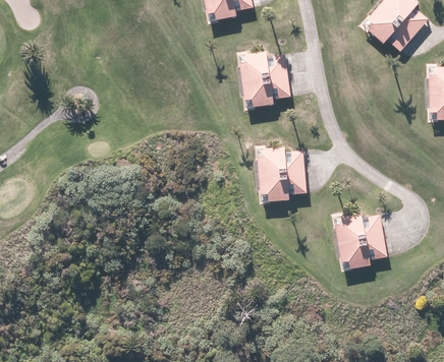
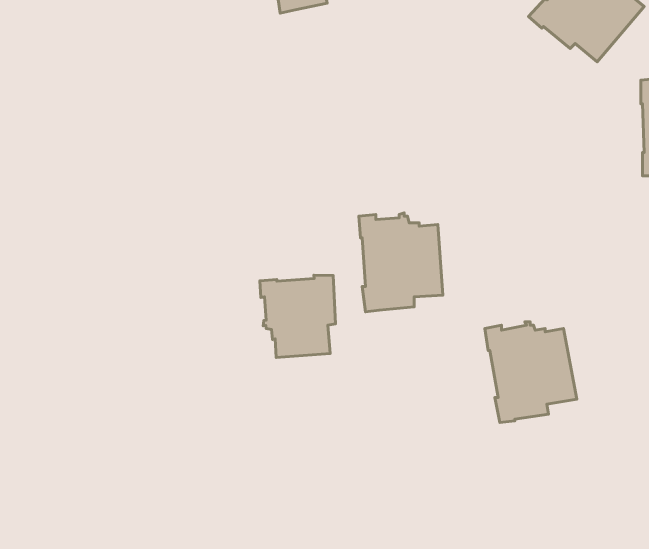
building: [236,49,291,109] -> none
building: none -> [260,275,336,357]

